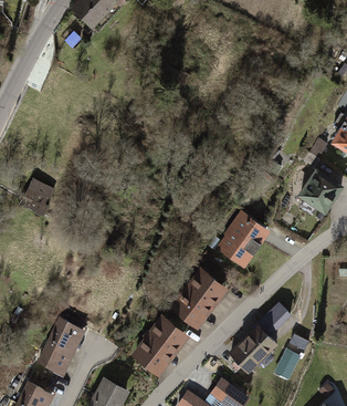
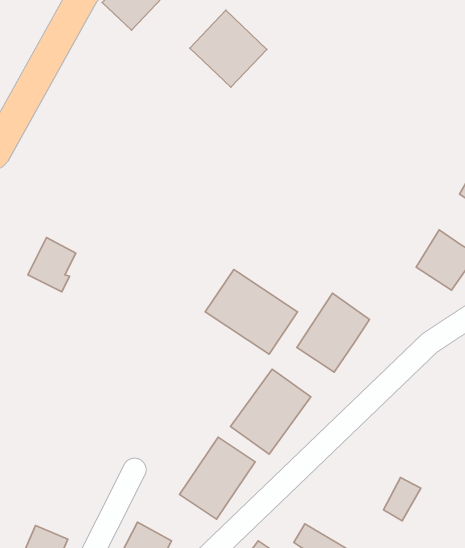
building: none -> [190,10,267,87]
building: none -> [205,269,298,354]
building: [229,304,286,372] -> none
building: [34,320,80,375] -> none

